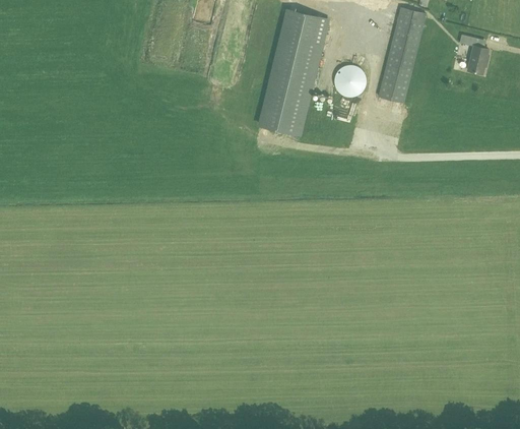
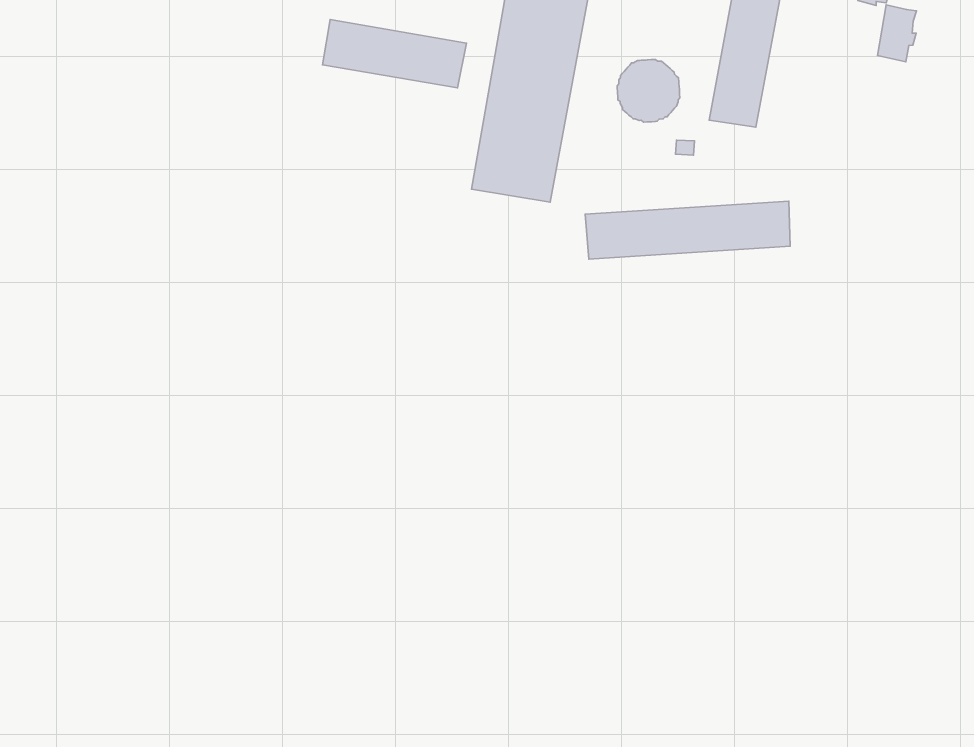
building: none -> [323,19,467,88]
building: none -> [585,201,790,259]

